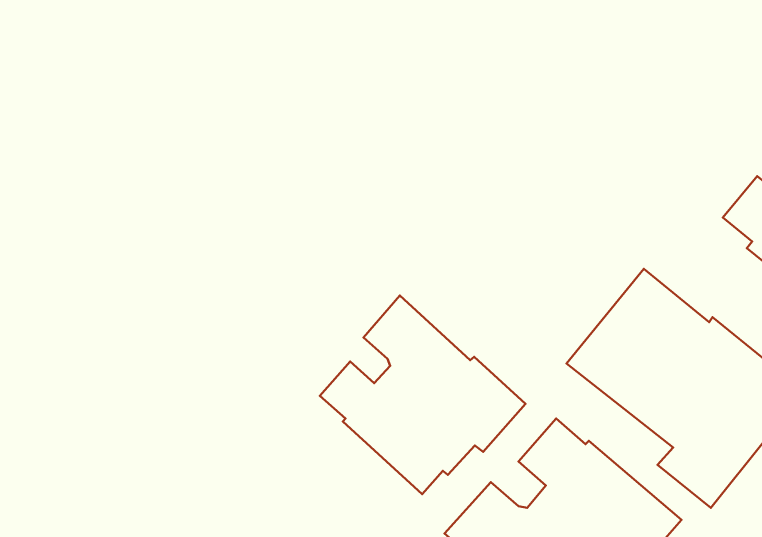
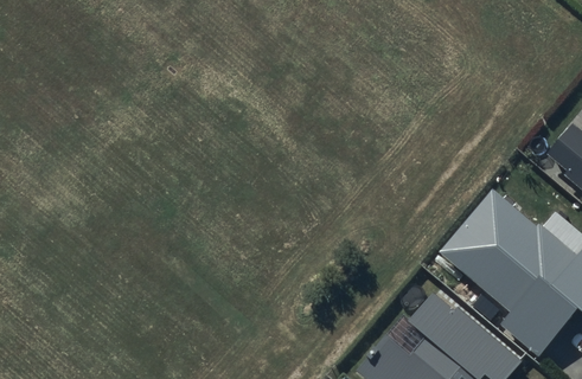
building: [320,296,526,494] -> none

